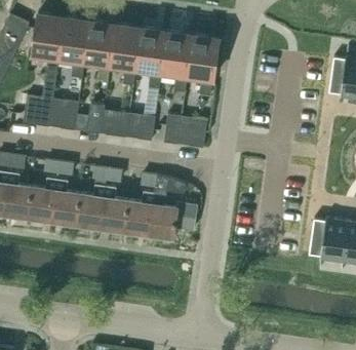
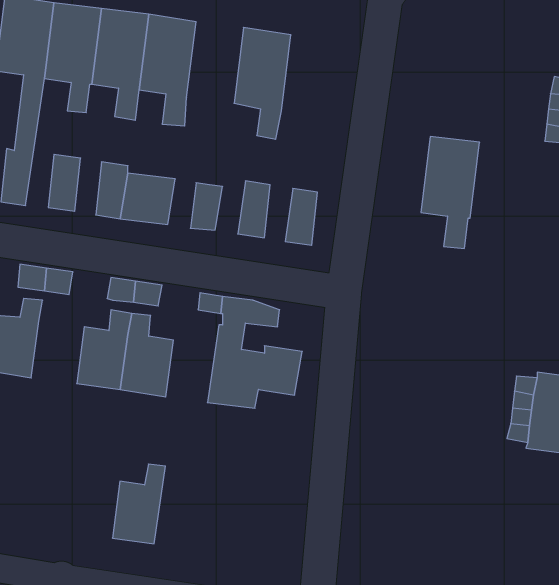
building: [135,28,166,89] -> none
building: [187,35,219,95] -> [421,137,480,248]
building: [51,179,80,224] -> none
building: [124,191,153,234] -> [112,464,165,544]

